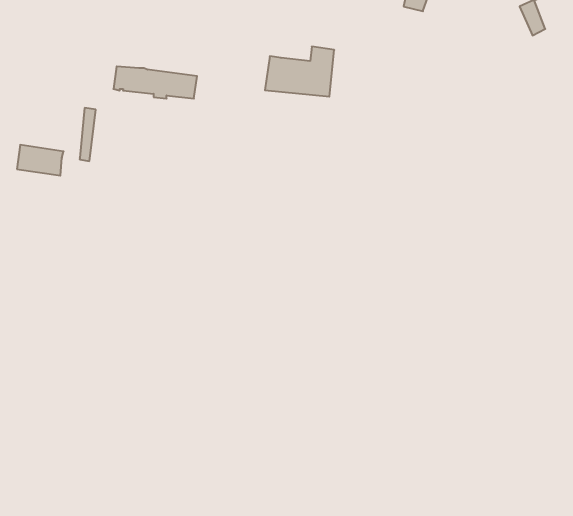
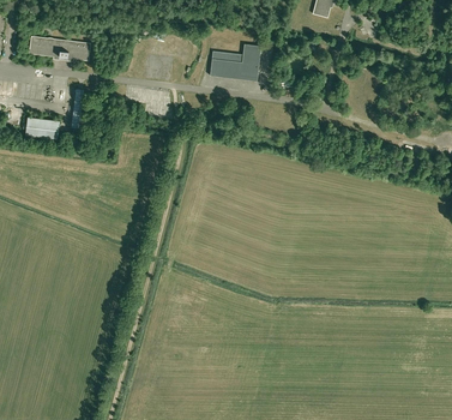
building: [113,66,197,99] -> [28,36,90,60]

